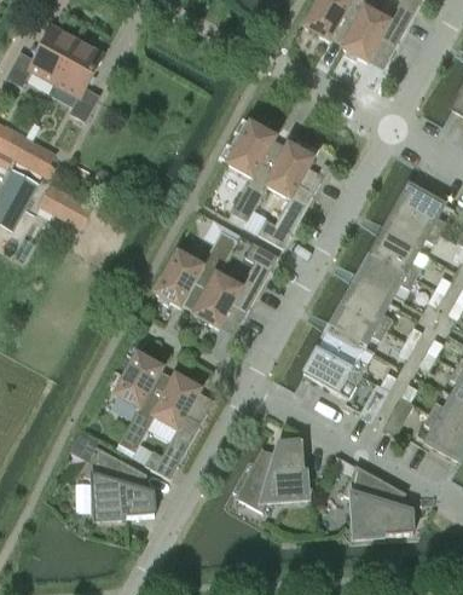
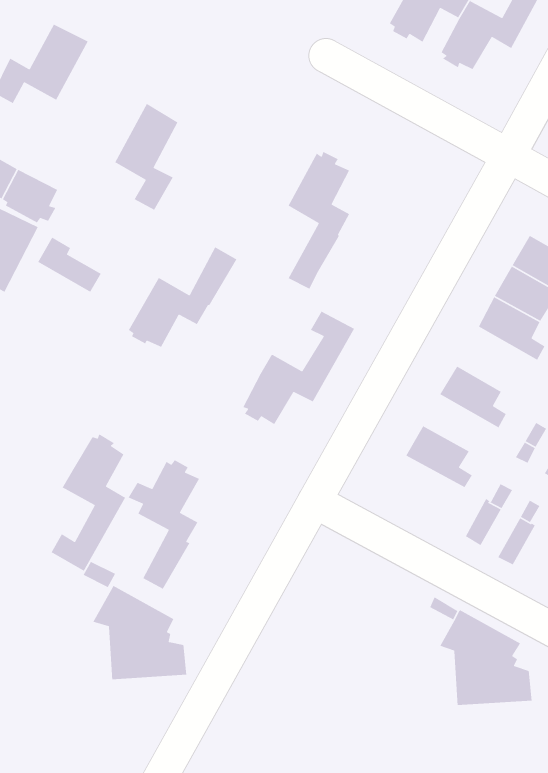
building: [54,39,103,120] -> [114,103,179,211]
building: [244,143,323,245] -> none
building: [155,229,237,305] -> [128,246,237,348]
building: [357,253,415,295] -> none
building: [329,304,386,346] -> none
building: [302,350,360,392] -> none
building: [144,372,201,476] -> [50,433,126,572]
building: [233,440,306,512] -> none

